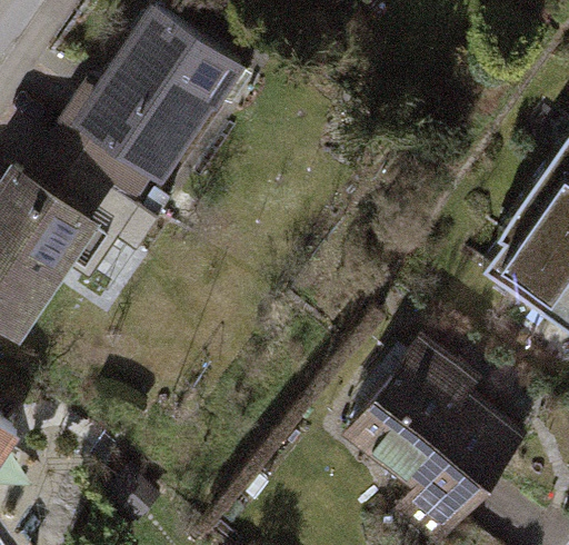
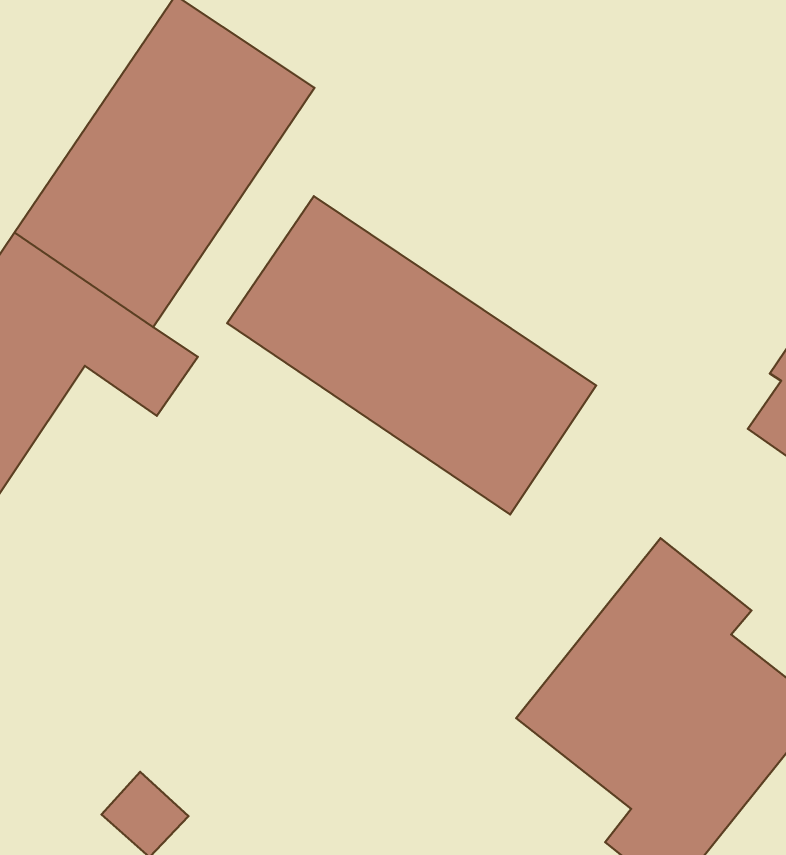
building: none -> [227,196,596,514]

